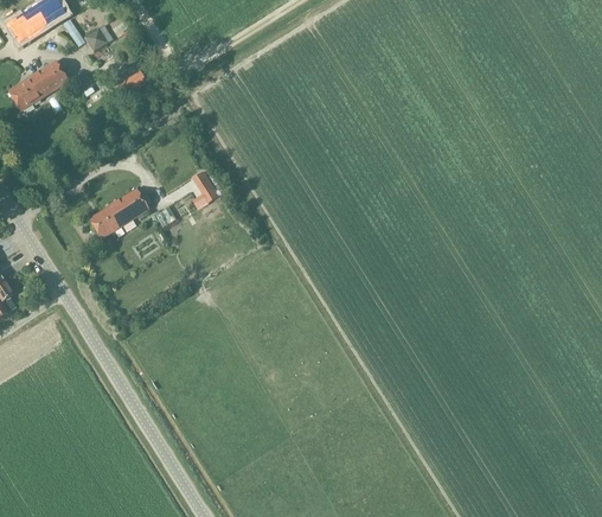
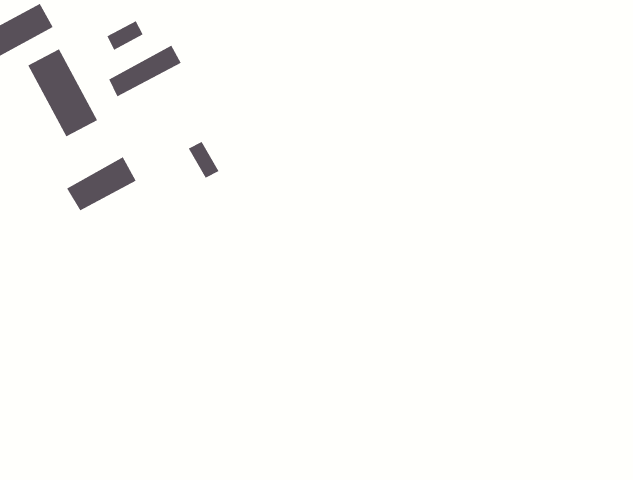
building: none -> [109,45,181,97]
building: none -> [27,49,98,137]

